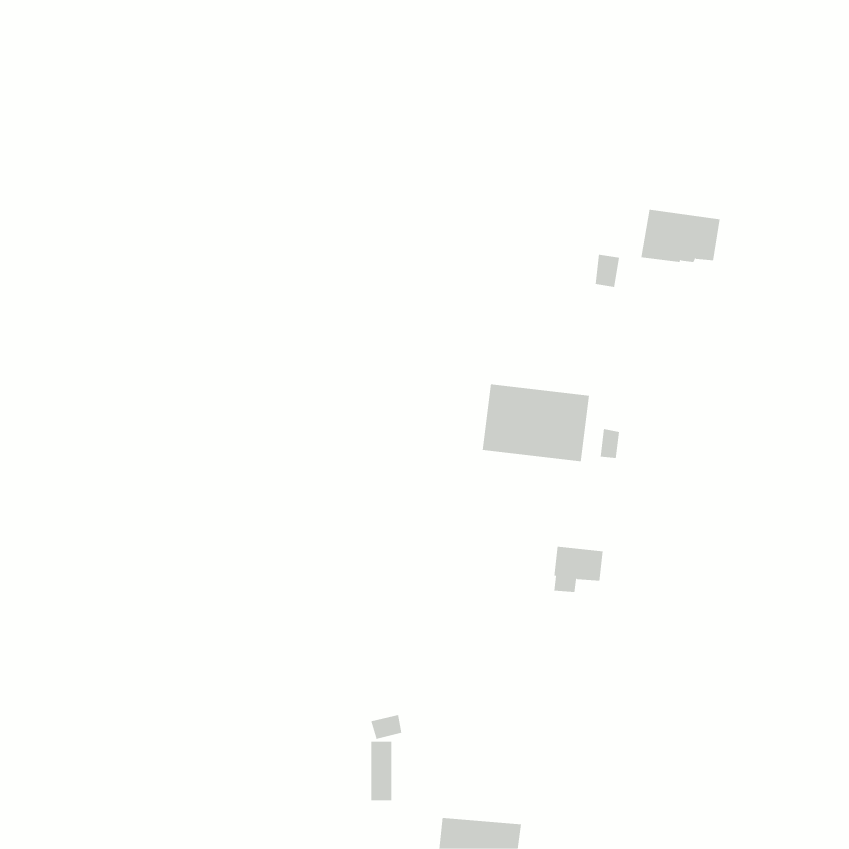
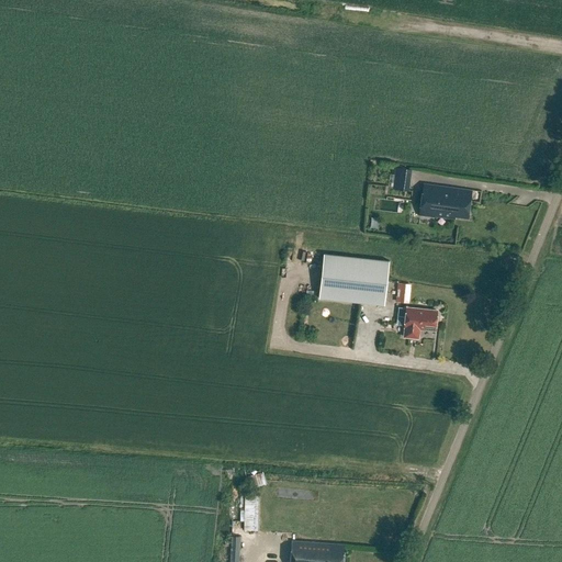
building: [641,209,720,262] -> [417,183,470,218]
building: [553,546,603,593] -> [404,307,437,338]

